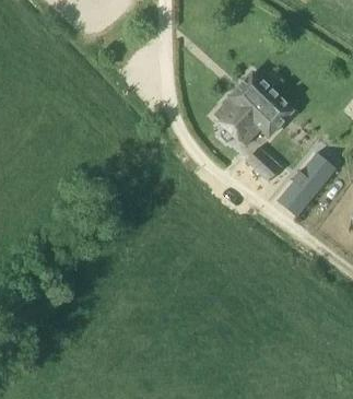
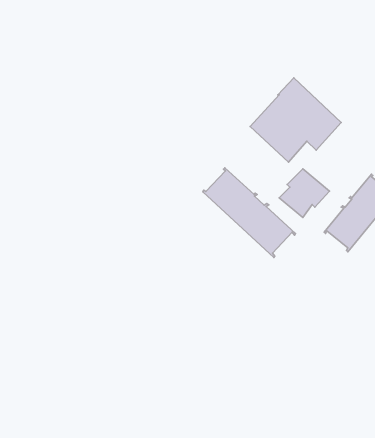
building: none -> [203,168,296,258]

